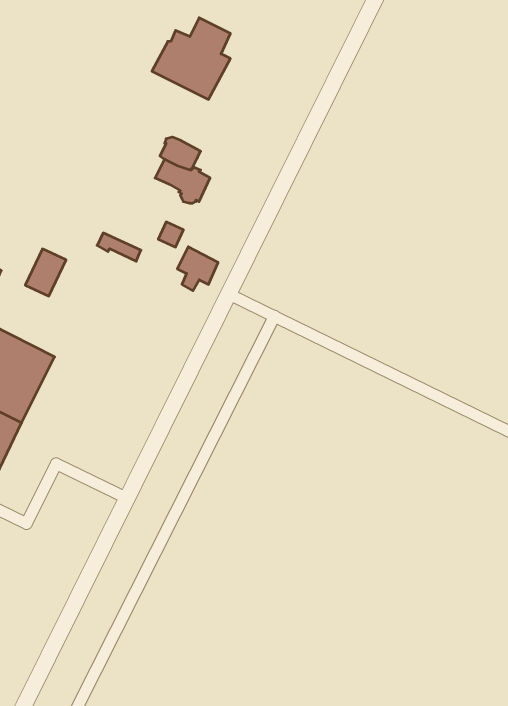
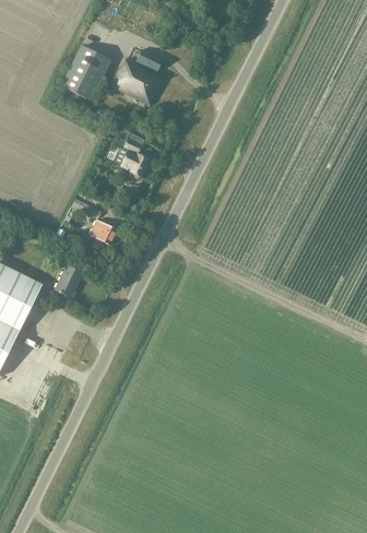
building: none -> [60,44,111,100]
building: [177,247,218,291] -> [88,218,117,249]
building: [25,249,66,296] -> [55,264,83,297]

